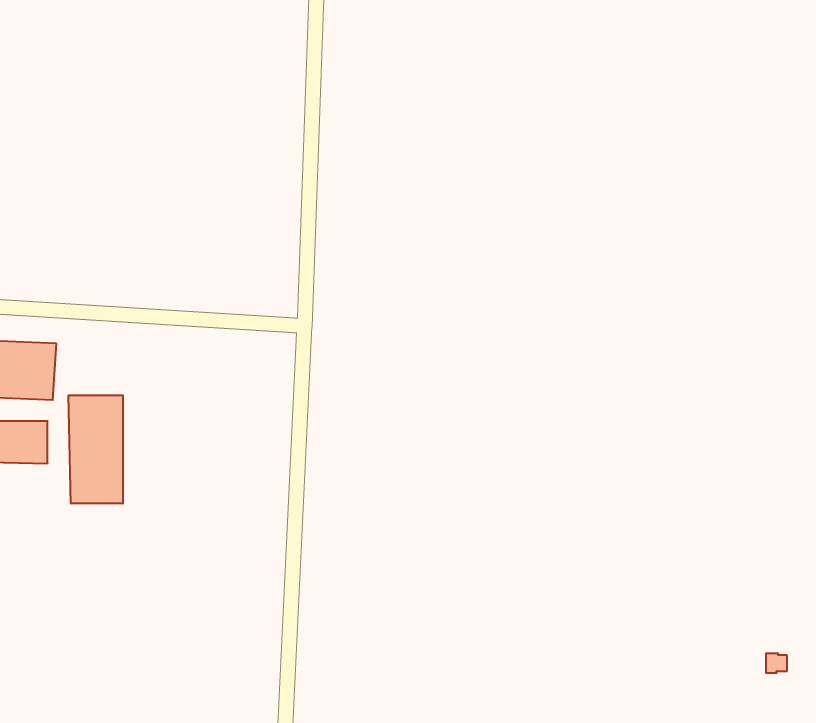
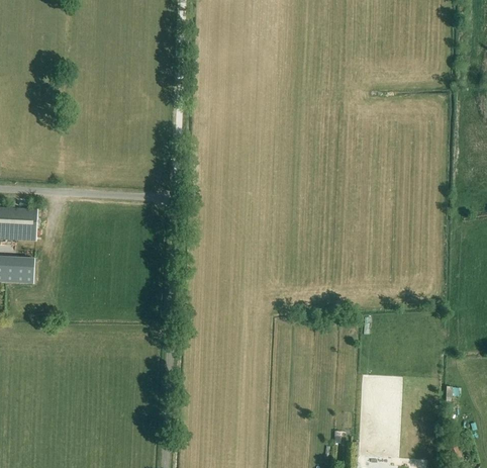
building: [69,395,123,504] -> none

